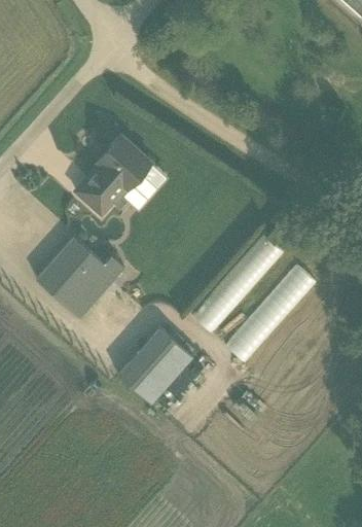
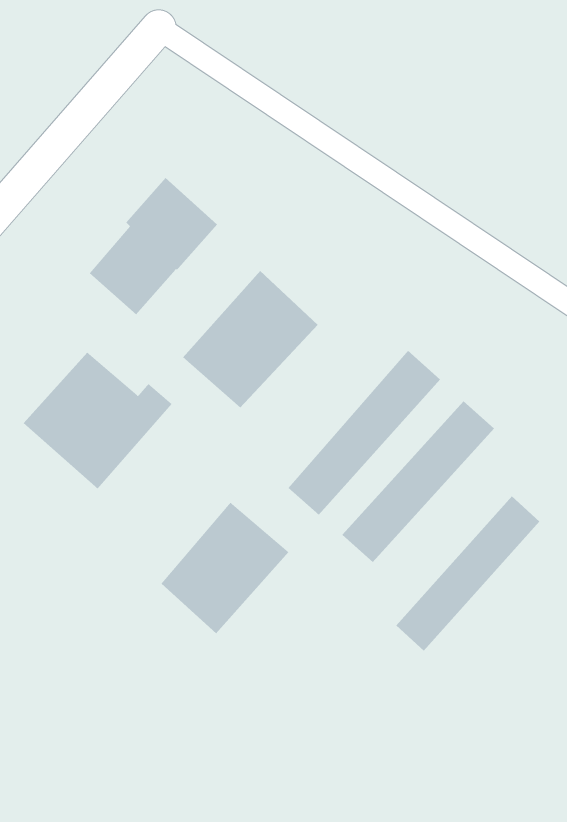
building: none -> [182,270,319,409]
building: none -> [395,496,540,652]

